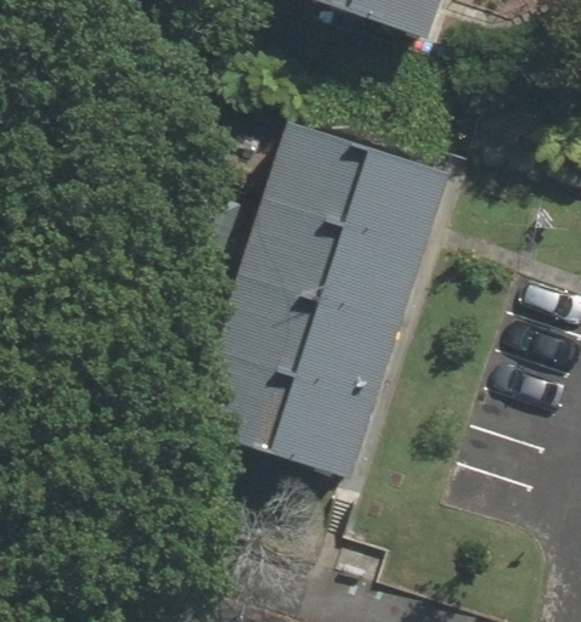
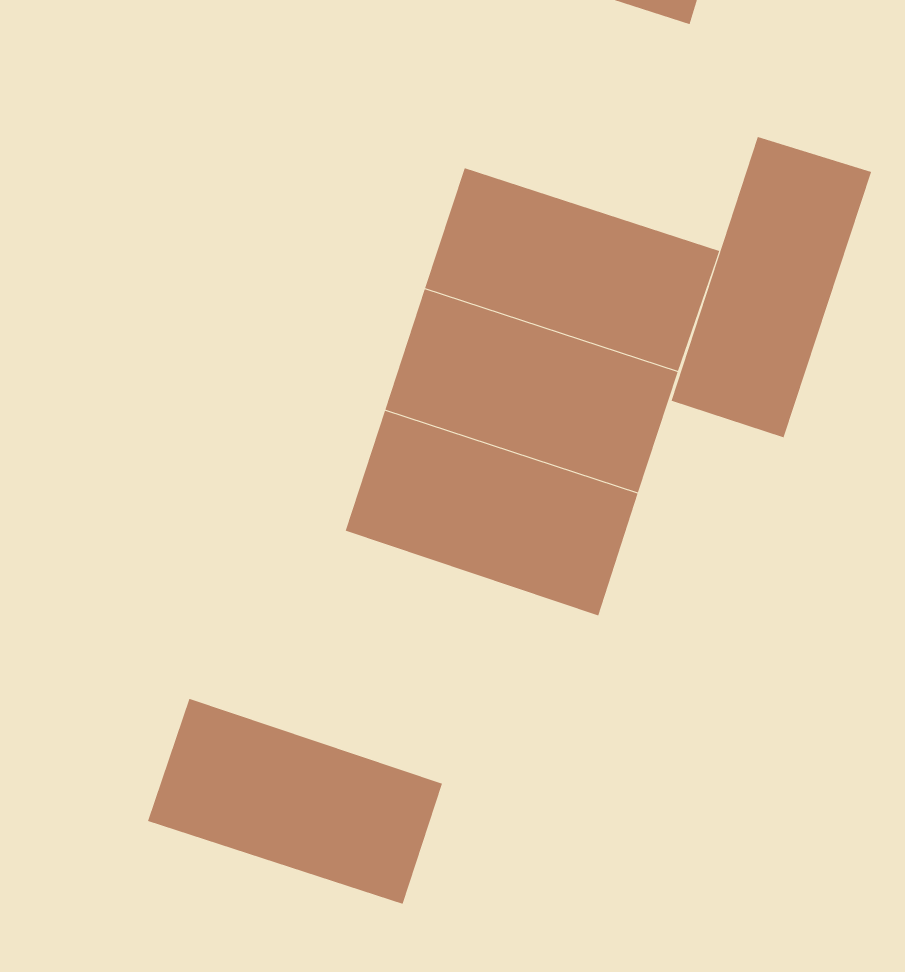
building: none -> [671,136,872,438]
building: [192,346,373,473] -> [147,698,443,904]

